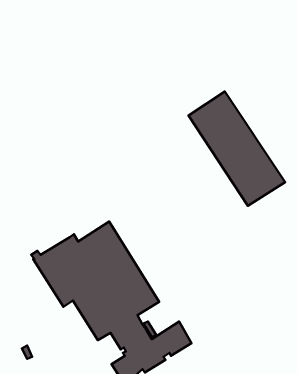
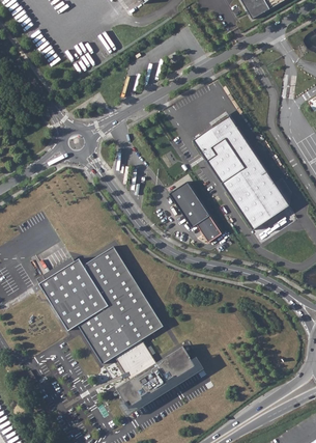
building: none -> [171,184,222,244]

